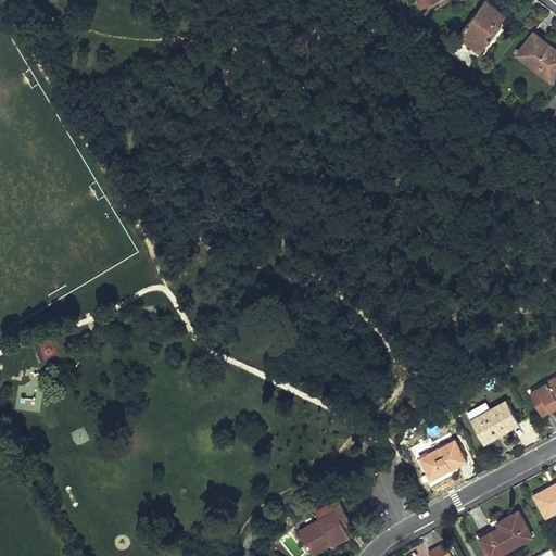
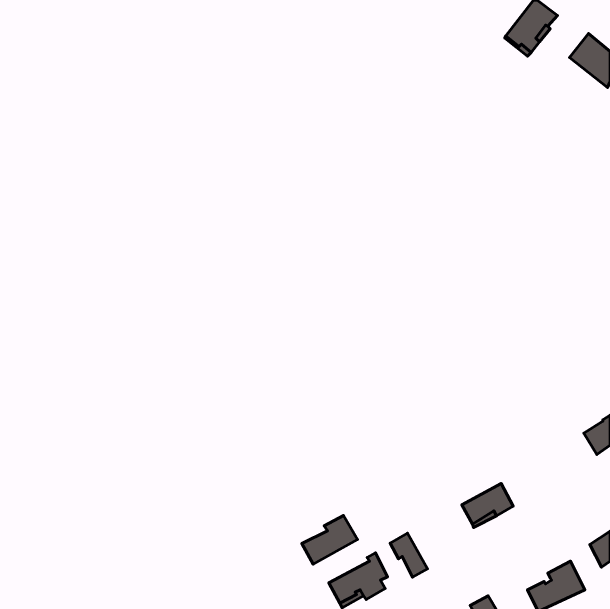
building: [471,401,518,442] -> none
building: none -> [302,516,357,564]
building: none -> [390,533,428,577]

